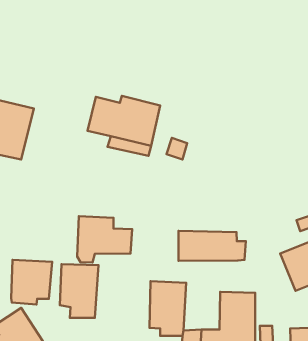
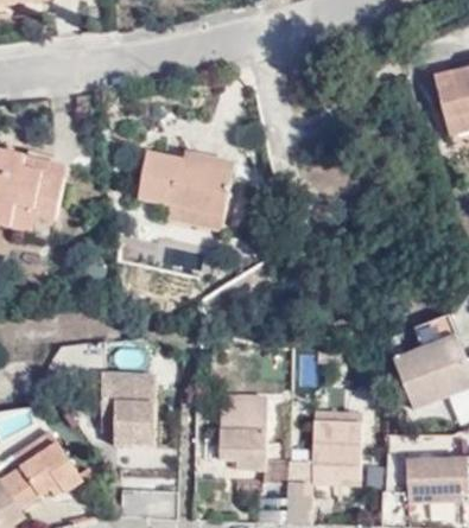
building: [77,216,132,263] -> none
building: [178,231,246,261] -> none
building: [11,260,52,304] -> none

